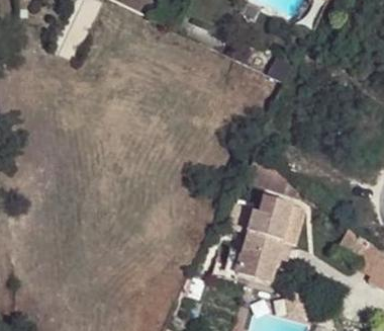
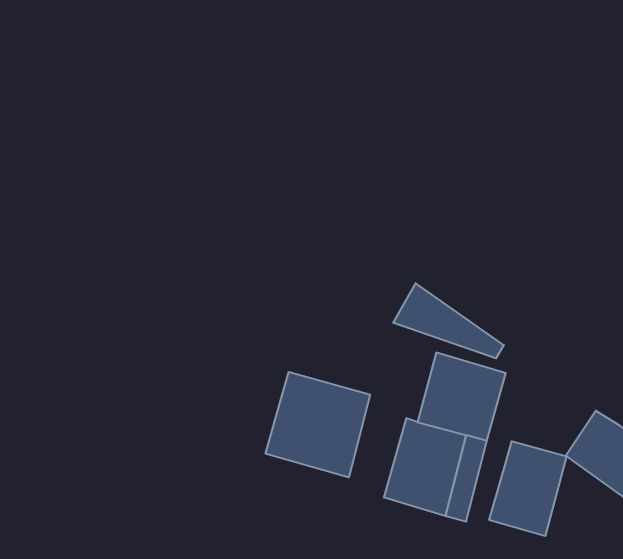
building: none -> [266,372,370,477]
building: none -> [489,441,566,536]

